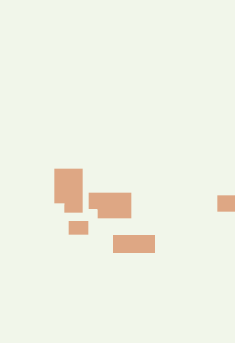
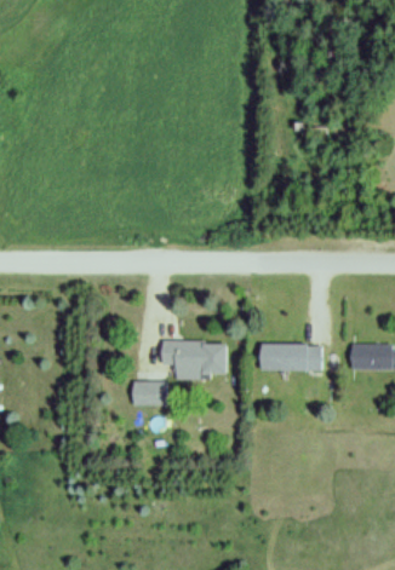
building: [54,168,83,213] -> none
building: [112,234,156,253] -> [259,344,324,372]

